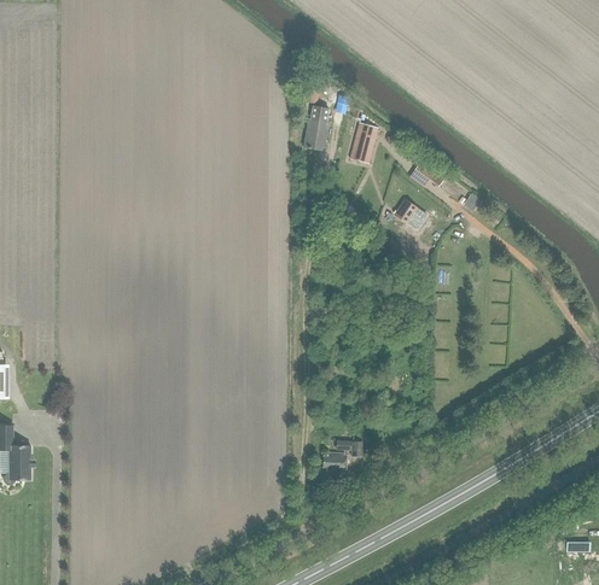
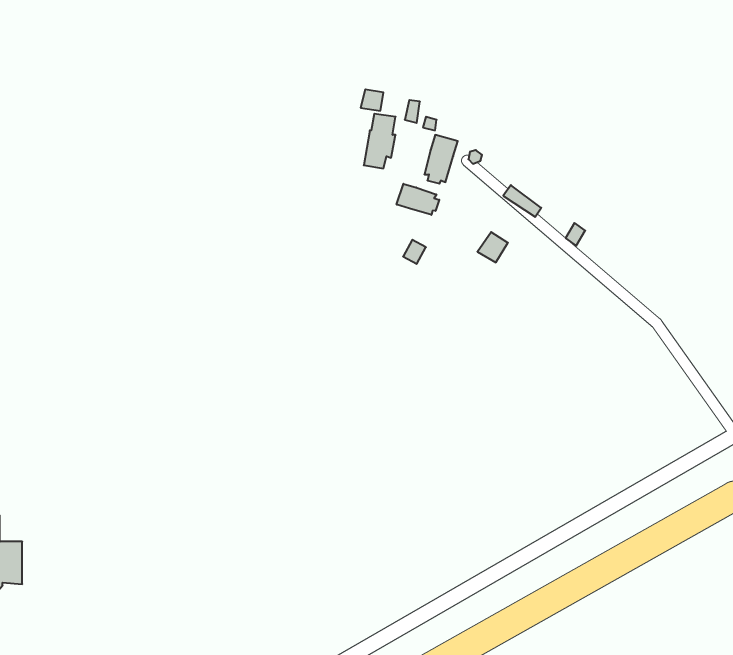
building: none -> [397,184,439,215]
building: [321,440,360,472] -> none

